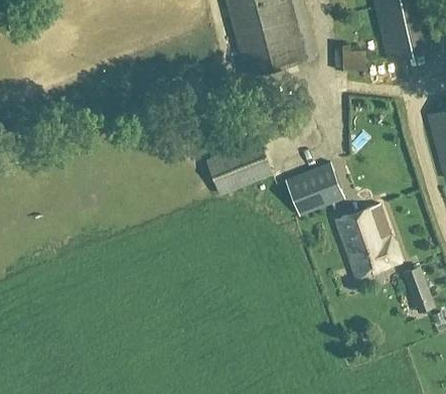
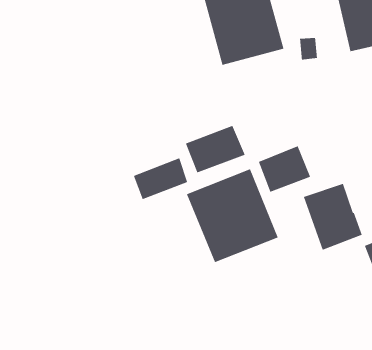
building: none -> [133,157,188,200]
building: none -> [186,168,279,263]

